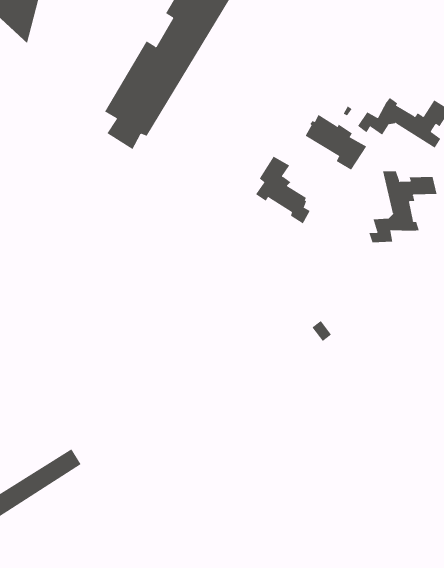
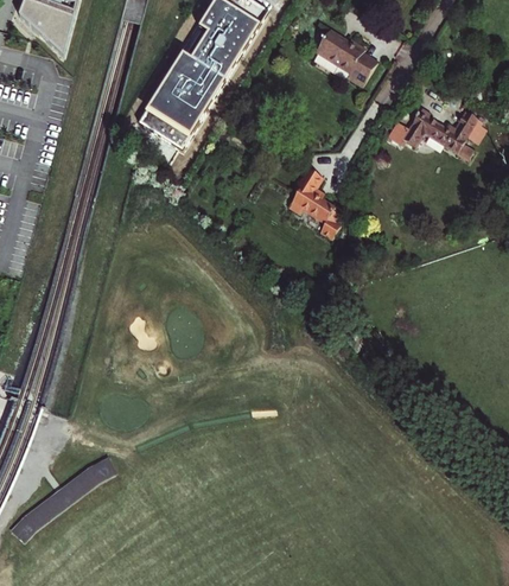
building: [305,114,367,171] -> [316,30,377,85]
building: [368,170,437,243] -> none

